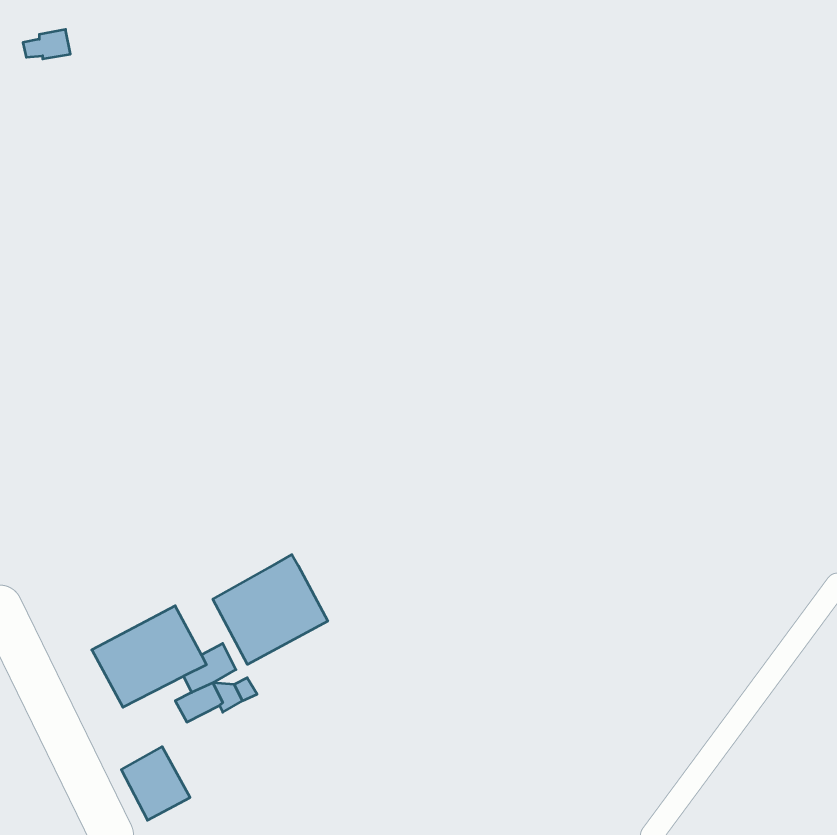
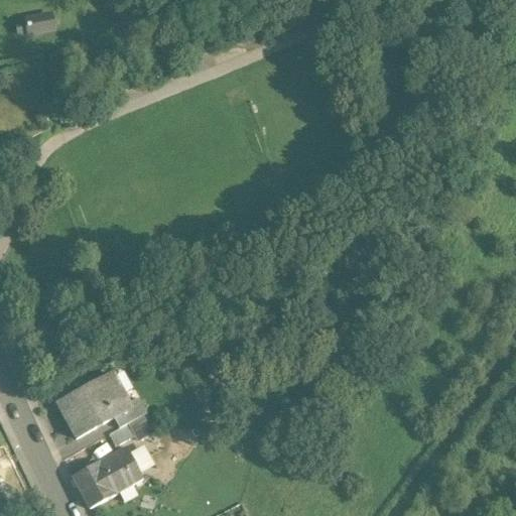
building: [213,555,328,664] -> none
building: none -> [100,446,142,491]

